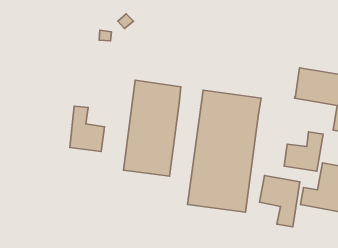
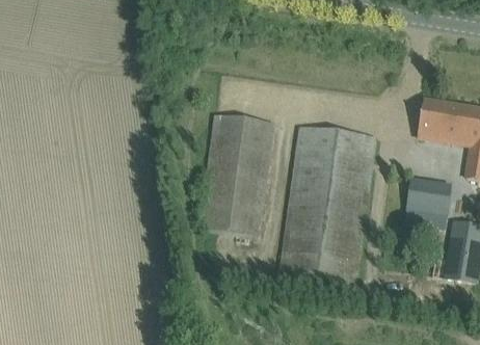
building: [70,106,104,151] -> none
building: [259,175,300,227] -> none

